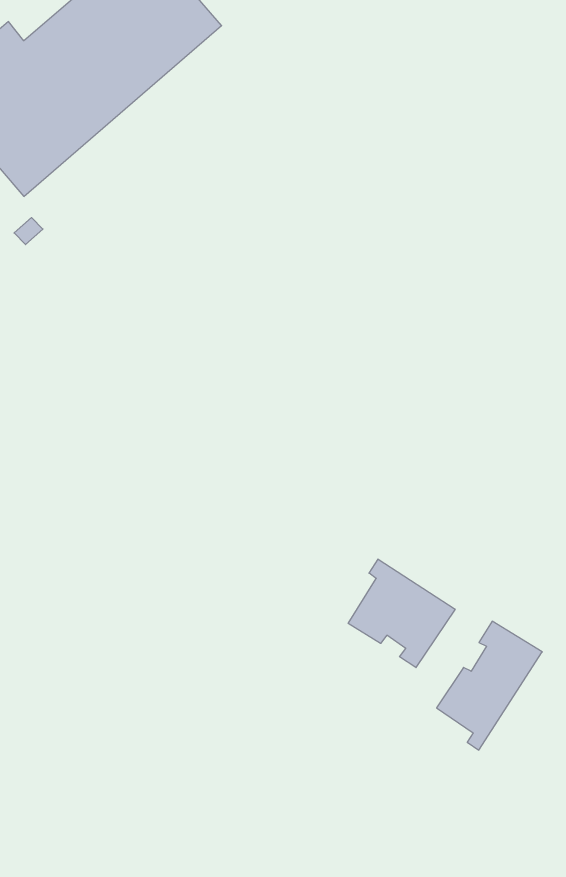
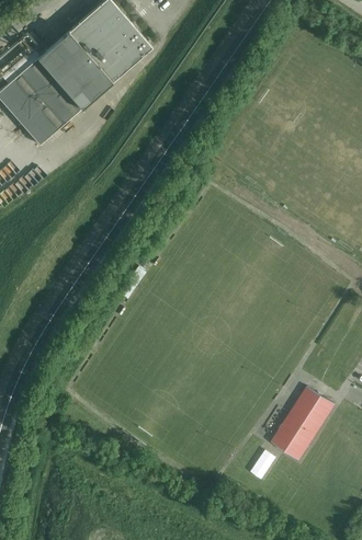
building: [348,559,455,668] -> none

